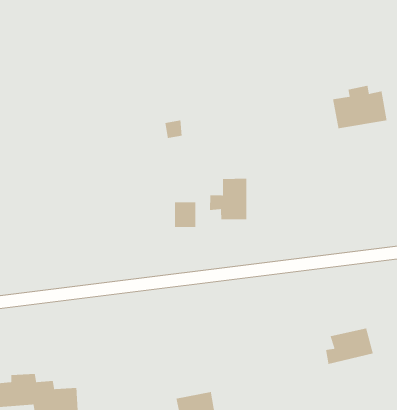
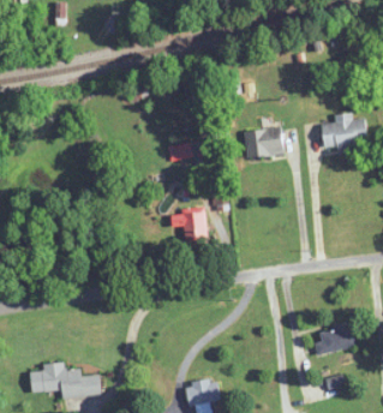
building: none -> [244,126,283,160]
building: [209,178,247,220] -> none

